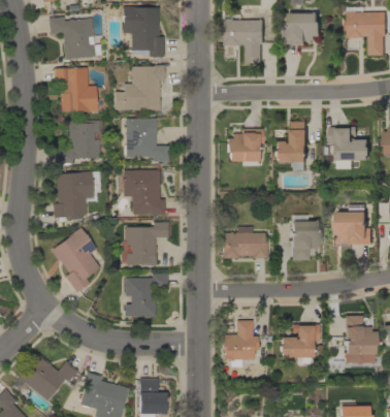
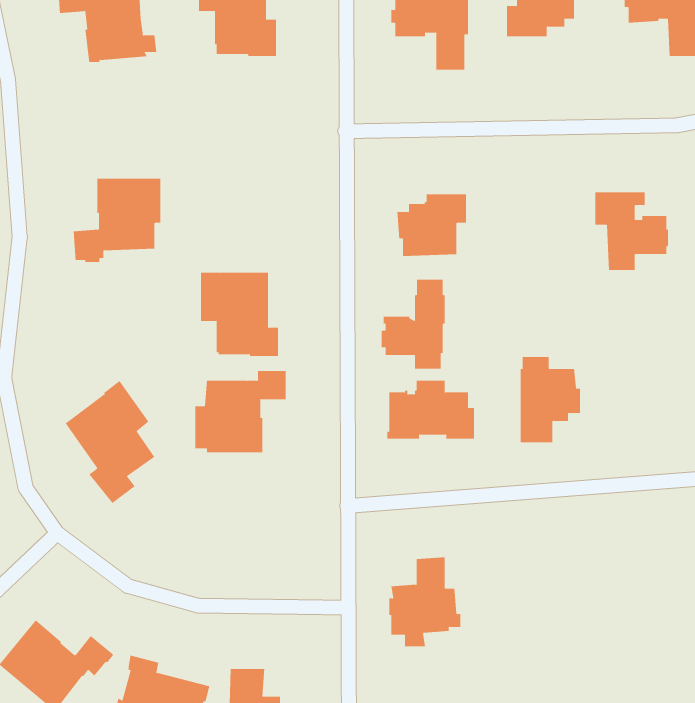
building: [115,64,165,109] -> none
building: [55,66,98,110] -> none
building: [125,118,169,161] -> none
building: [274,122,308,169] -> [381,279,445,369]
building: [53,170,100,221] -> none
building: [336,204,373,245] -> none
building: [122,272,168,316] -> none
building: [346,315,378,363] -> none
building: [281,323,320,363] -> none

